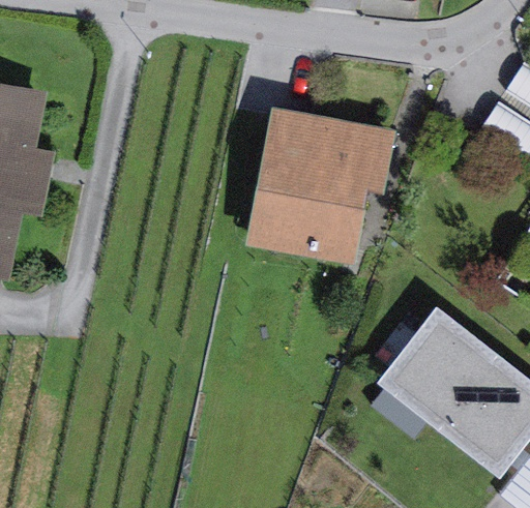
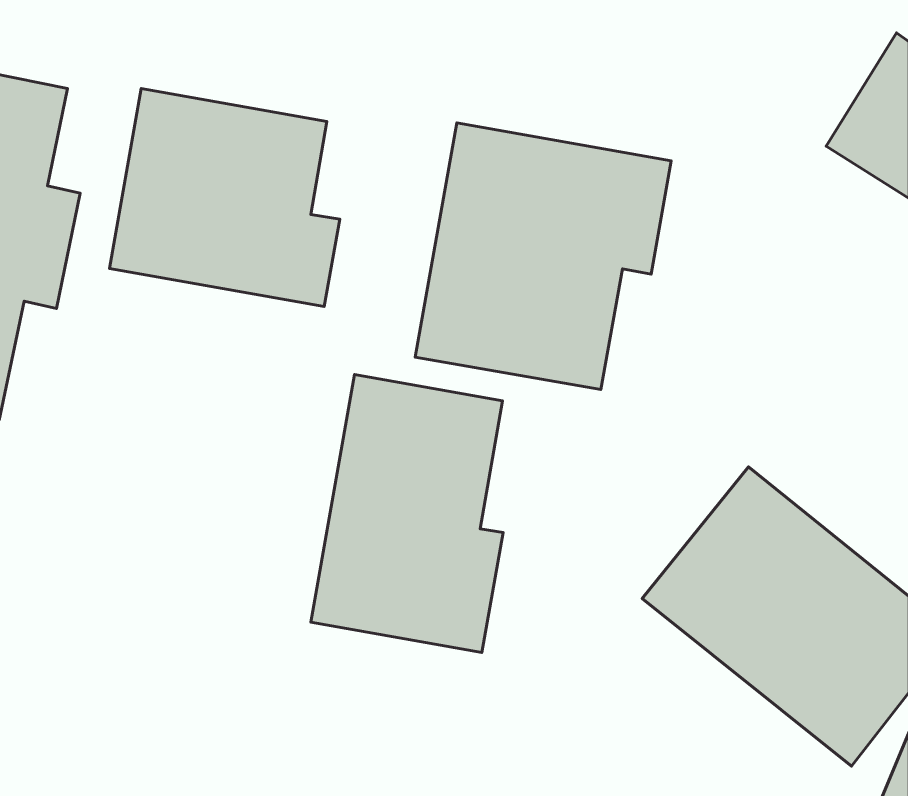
building: none -> [109,89,340,306]
building: none -> [311,374,503,652]

